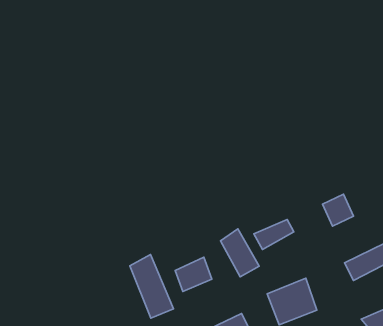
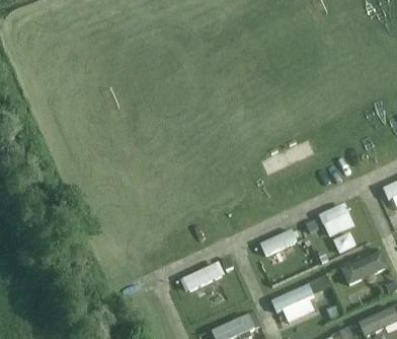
building: [221,229,259,277] -> none
building: [130,255,174,318] -> none

